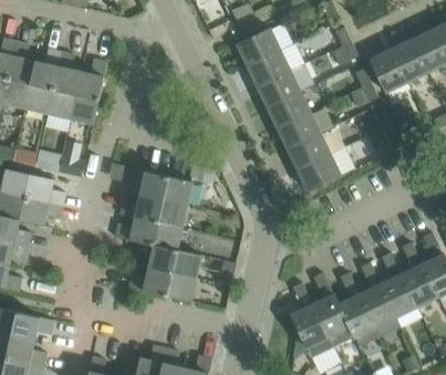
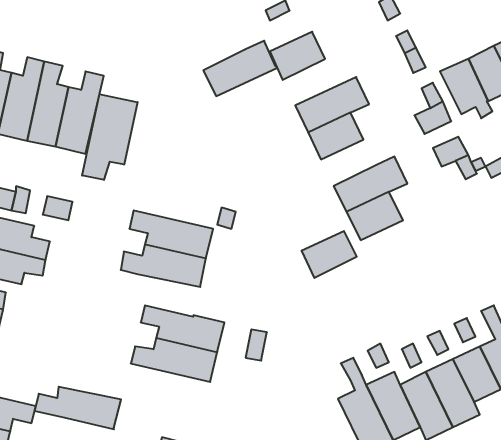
building: [247,43,304,86] -> [203,41,277,96]
building: none -> [82,94,138,180]
building: [277,113,320,149] -> [301,231,357,278]
building: [115,218,183,251] -> [35,387,121,429]

